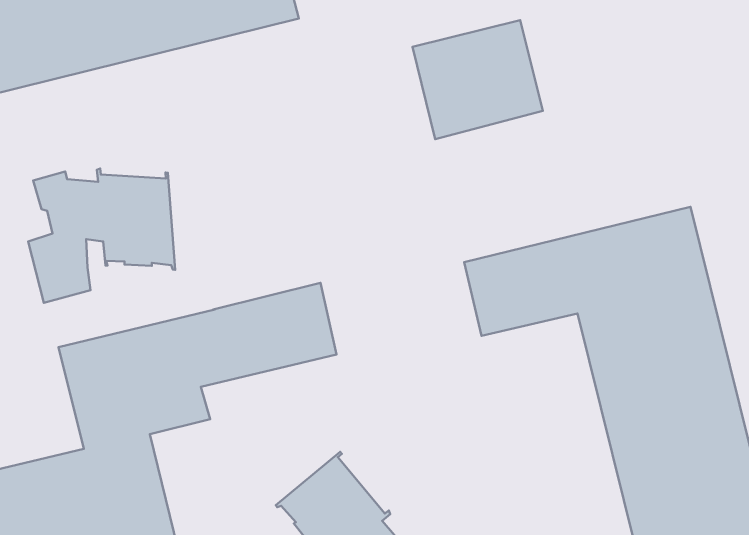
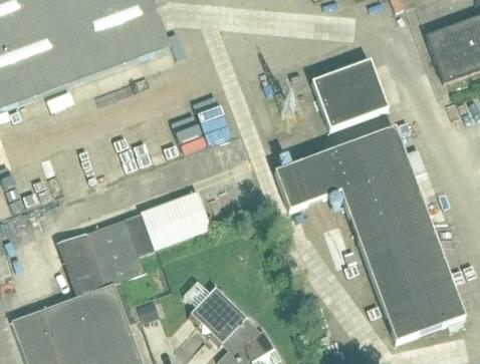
building: [413,20,543,139] -> [314,65,390,135]
building: [28,168,175,303] -> none

